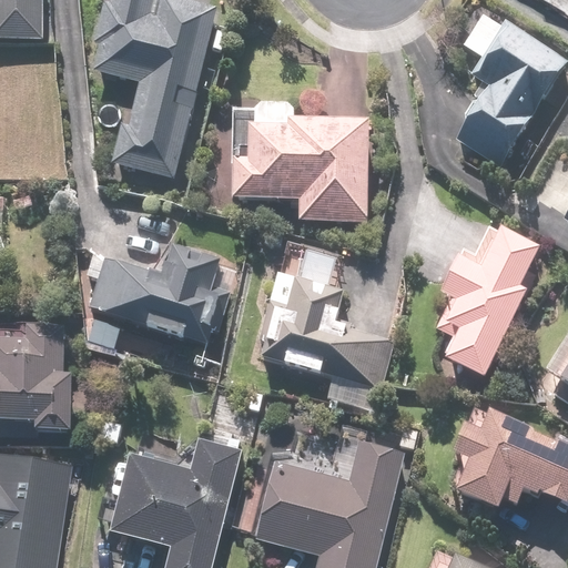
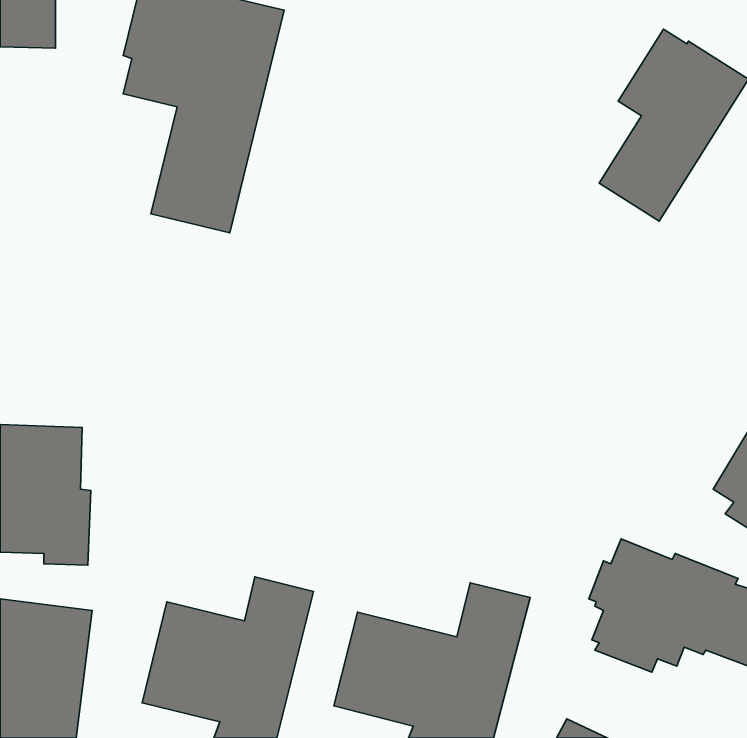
building: [231,109,371,224] -> none
building: [434,229,537,378] -> none
building: [90,243,229,346] -> none
building: [257,271,395,388] -> none

